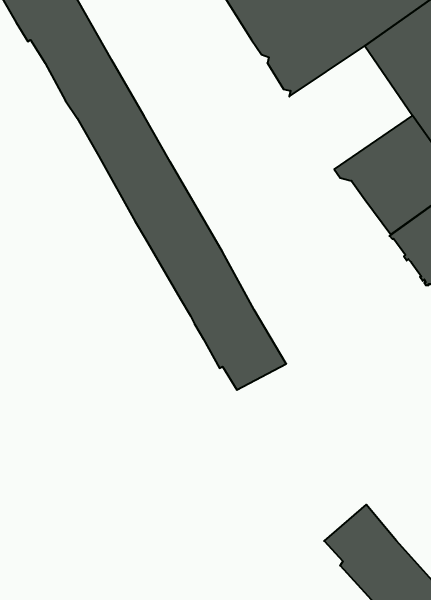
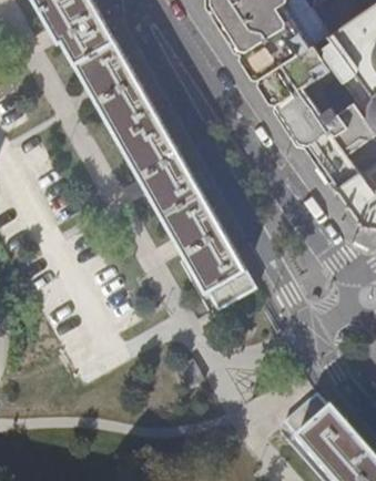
building: none -> [260,45,354,140]

